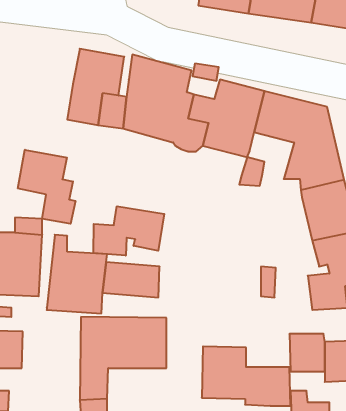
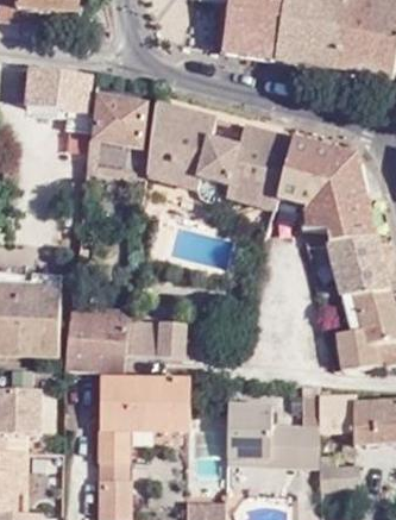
building: none -> [24,68,92,132]
building: none -> [276,182,329,246]
building: [18,150,75,224] -> none
building: [94,206,164,256] -> none

